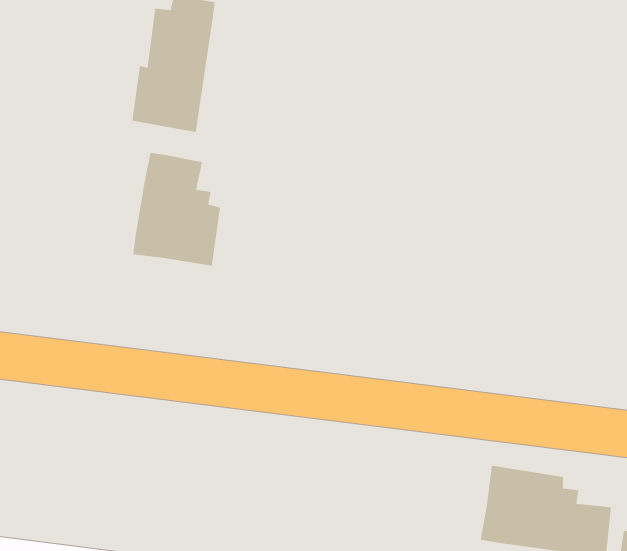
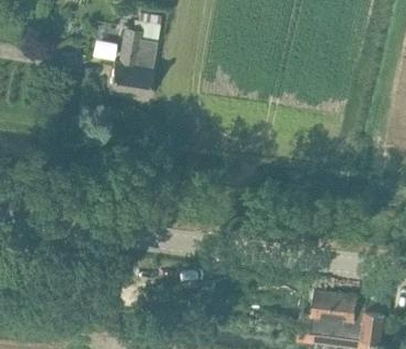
building: [133,152,220,267] -> none

